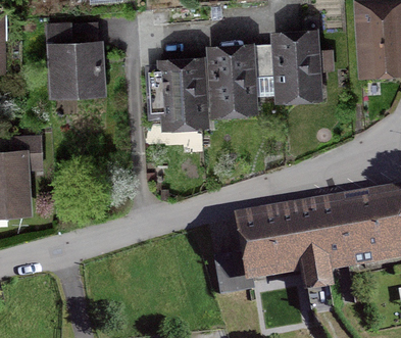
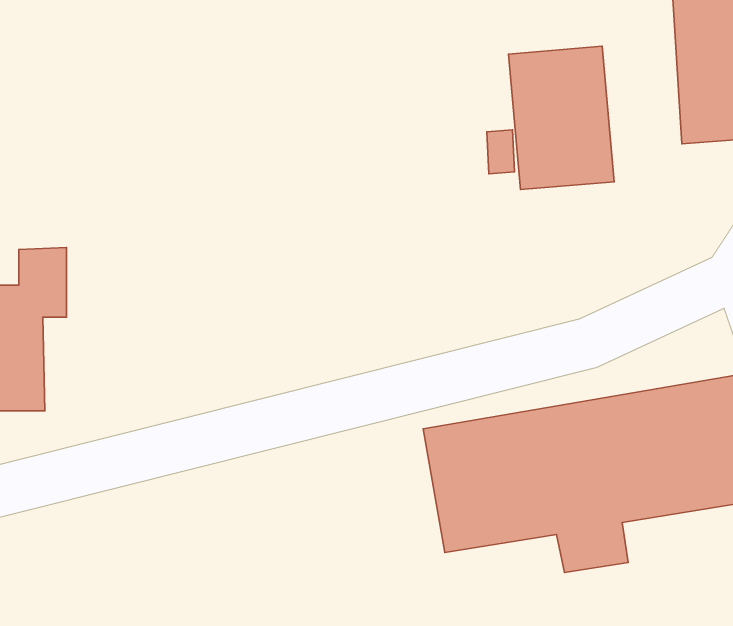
building: [47,39,101,94] -> none
building: [212,43,256,116] -> none
building: [162,57,209,130] -> none

